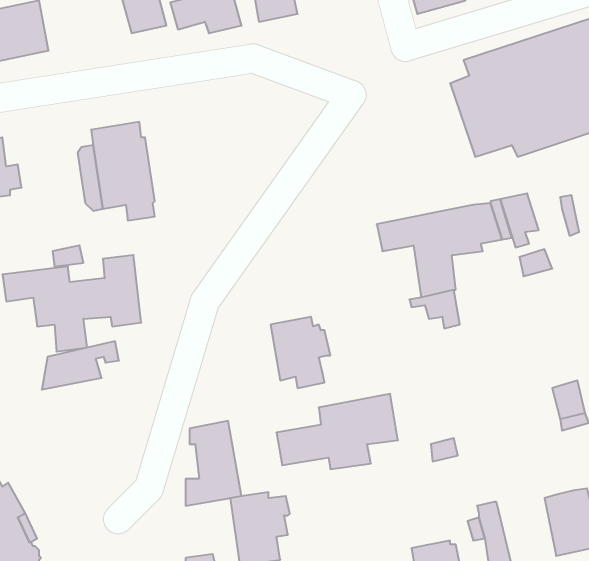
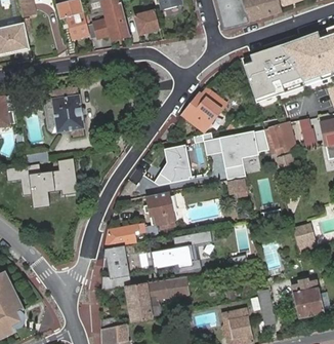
building: none -> [182,88,225,130]
building: none -> [154,145,192,185]
building: [42,341,119,390] -> [103,222,144,247]
building: none -> [145,275,189,299]

